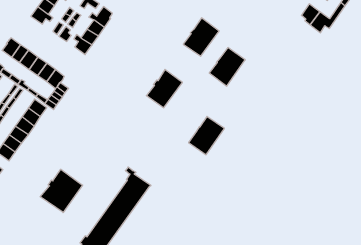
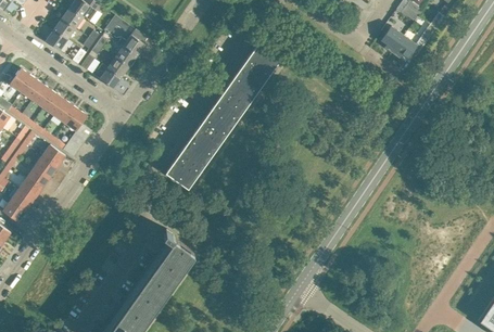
building: [209,48,245,86] -> [212,76,256,124]
building: [189,116,224,155] -> [166,140,211,188]
building: [40,169,83,213] -> none

